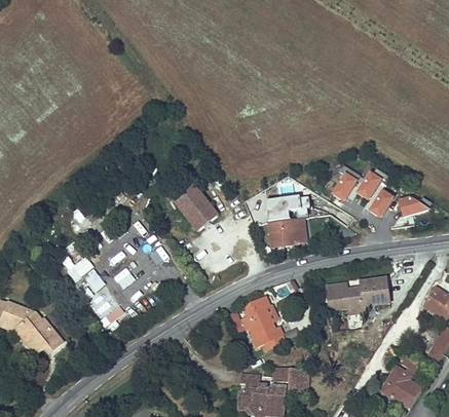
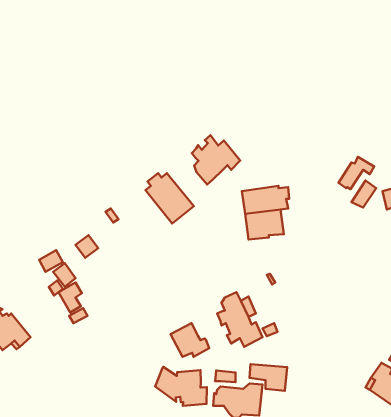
building: none -> [192,135,240,184]
building: [332,165,360,200] -> none
building: [331,276,395,313] -> none
building: none -> [170,323,209,357]
building: none -> [155,367,207,406]

